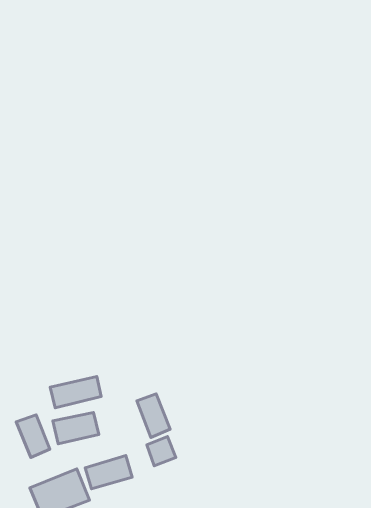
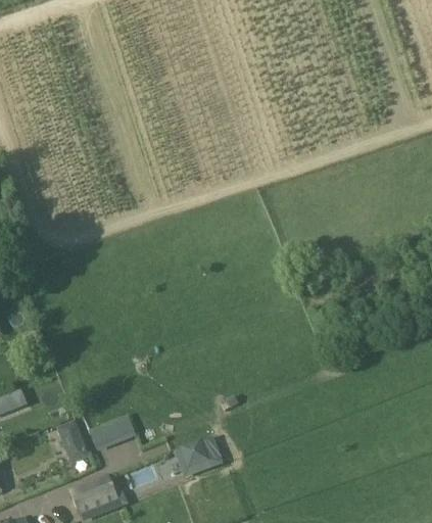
building: [50,376,101,408] -> none
building: [137,394,170,437] -> none

